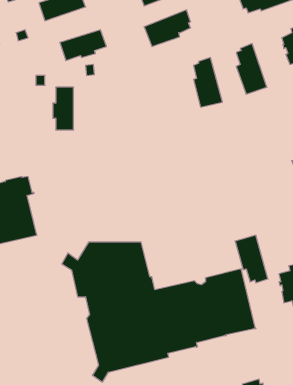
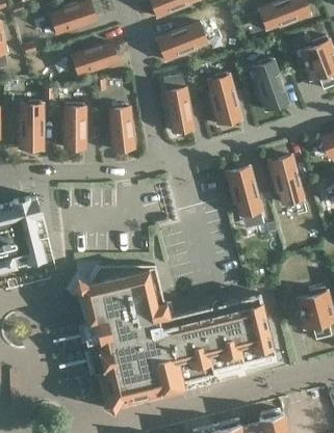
building: none -> [164,85,192,133]
building: none -> [19,105,42,150]
building: none -> [109,105,134,151]
building: none -> [267,157,303,206]
building: [235,235,268,283] -> [226,167,260,217]

